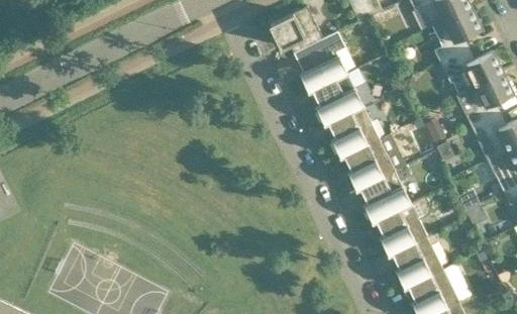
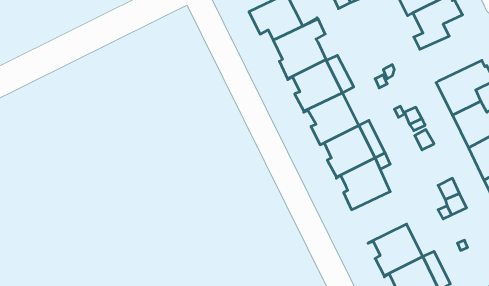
building: [439,49,501,94] -> none
building: [372,197,430,255] -> none

